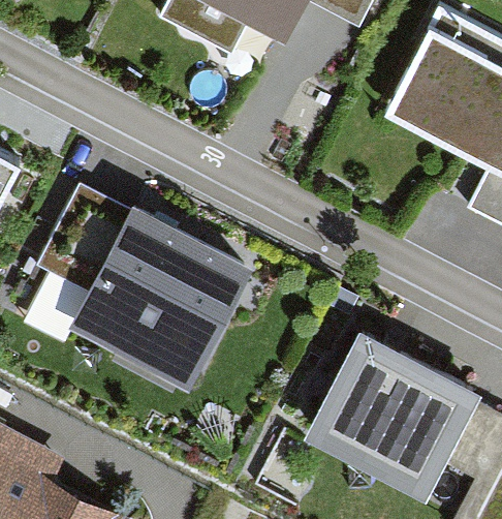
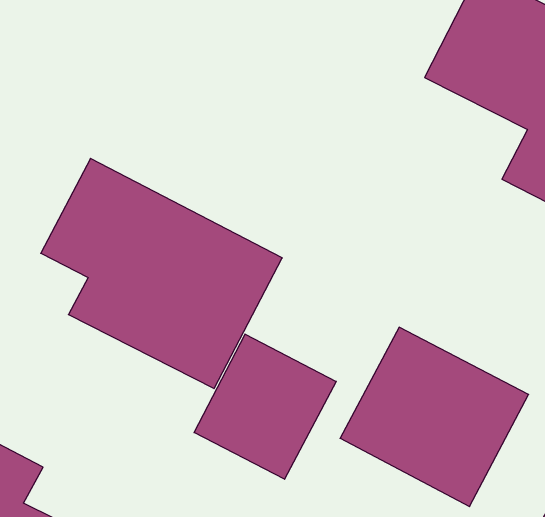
building: none -> [194,334,336,479]

